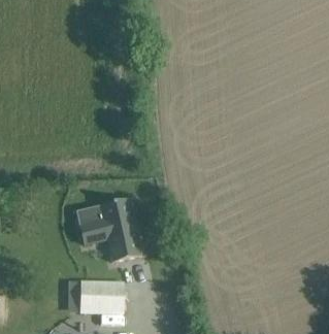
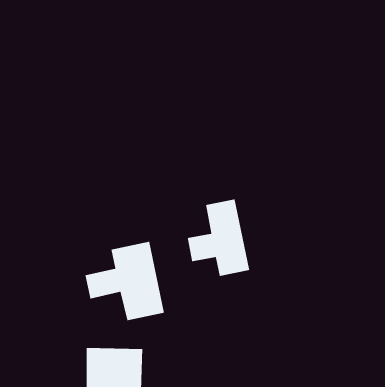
building: none -> [187,198,250,277]

